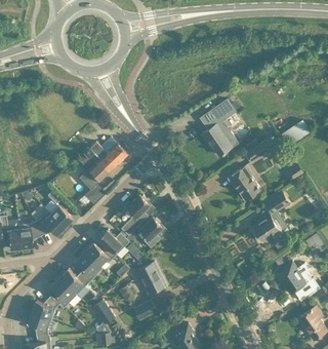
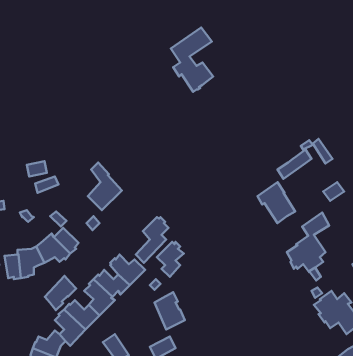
building: [201,100,238,156] -> [171,27,213,92]
building: [89,138,128,172] -> none
building: none -> [45,276,76,310]

